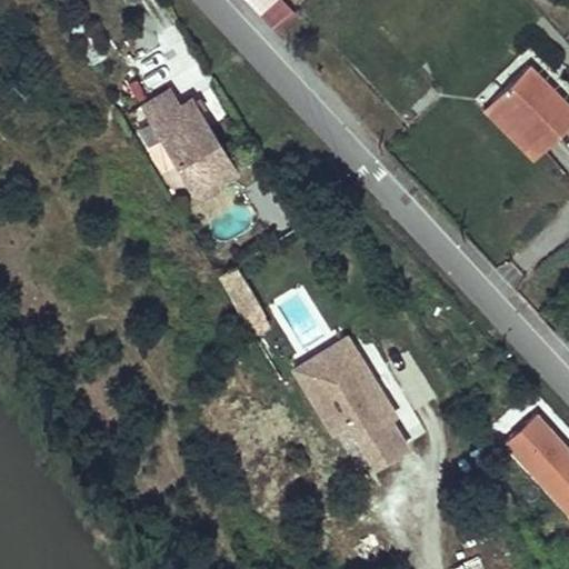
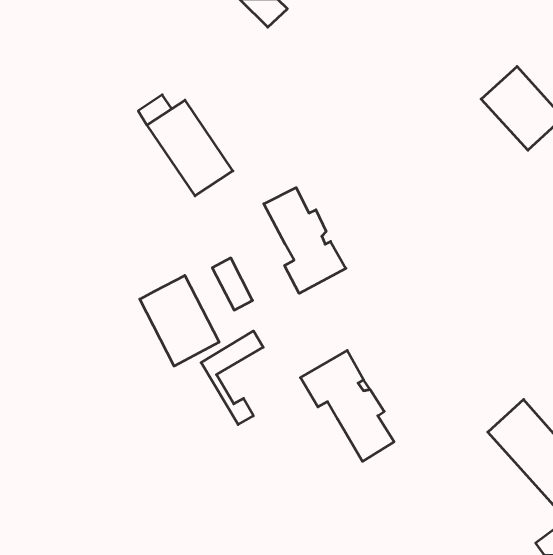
building: none -> [264,188,346,293]
building: none -> [140,275,219,366]
building: [295,341,358,437] -> [201,331,263,425]

